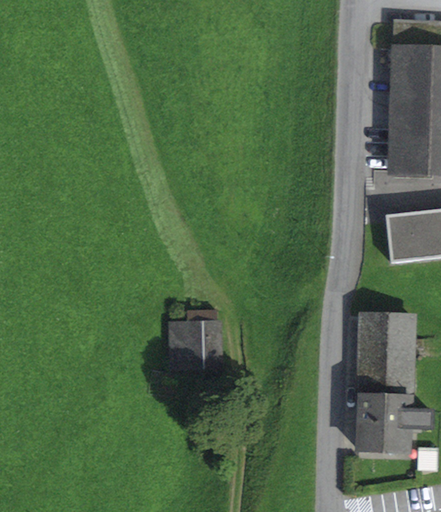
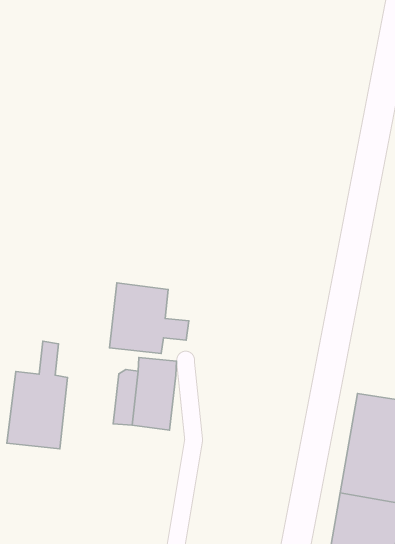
building: none -> [110,283,189,353]
building: none -> [7,341,68,449]

